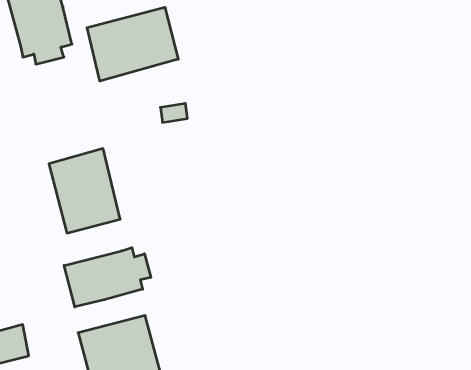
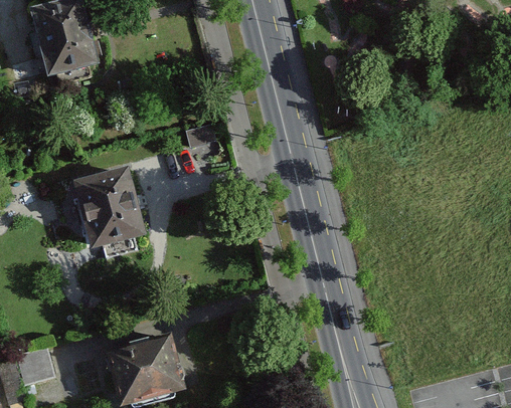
building: [87,7,178,81] -> none
building: [64,248,151,307] -> none

